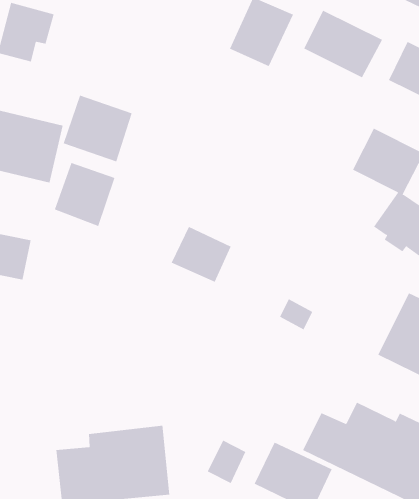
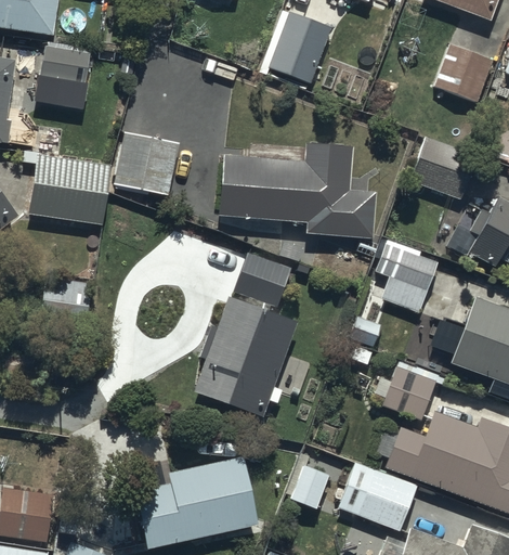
building: [303,10,383,78] -> none
building: none -> [217,142,376,238]
building: [54,162,115,227] -> none
building: none -> [373,242,436,311]
building: none -> [192,297,299,418]
building: none -> [374,365,435,418]

